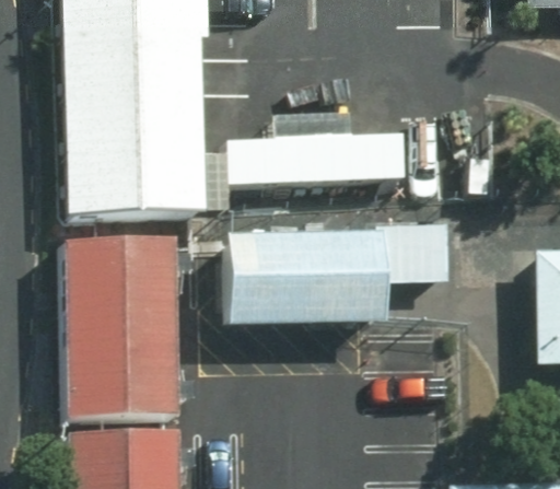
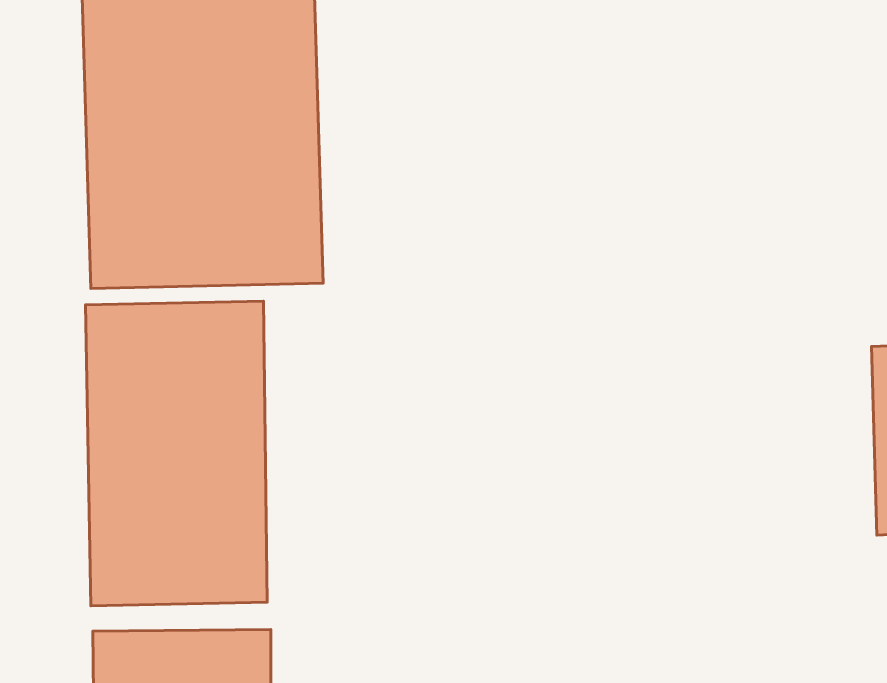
building: [232,113,406,183] -> none
building: [234,223,452,324] -> none

